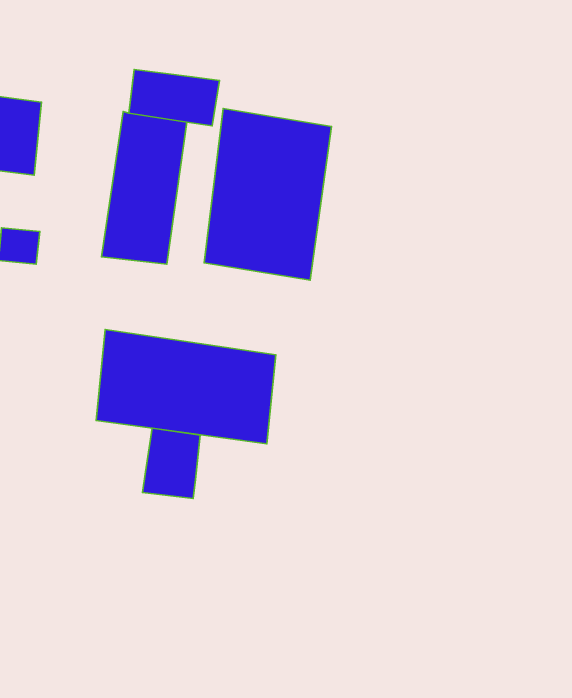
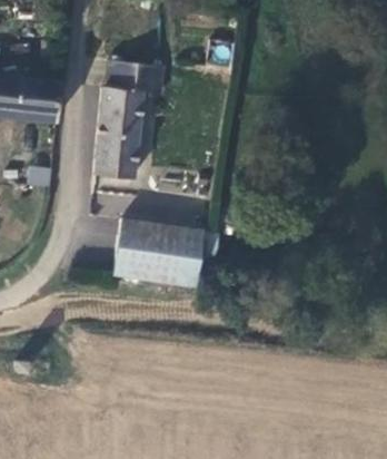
building: [204,109,331,280] -> none
building: [143,428,200,499] -> none

